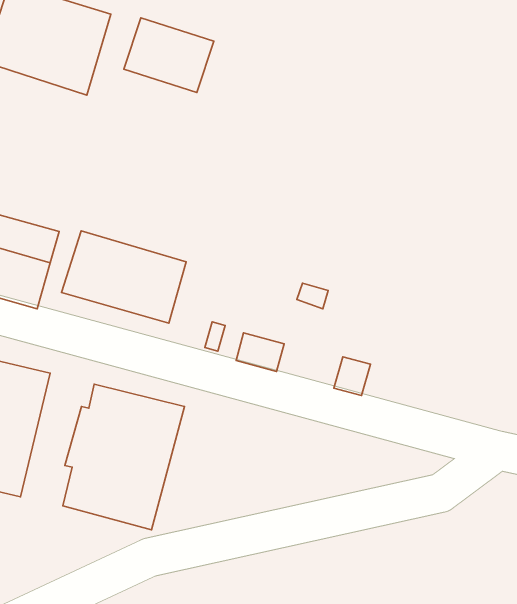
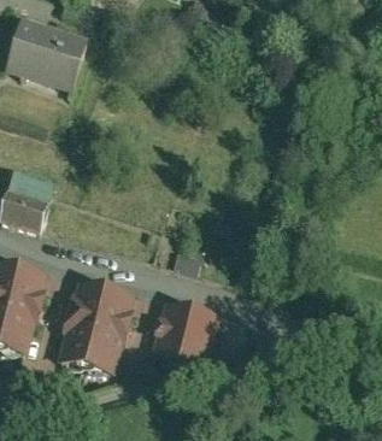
building: [124,18,214,92] -> none
building: [61,231,186,323] -> none
building: none -> [151,304,216,364]

